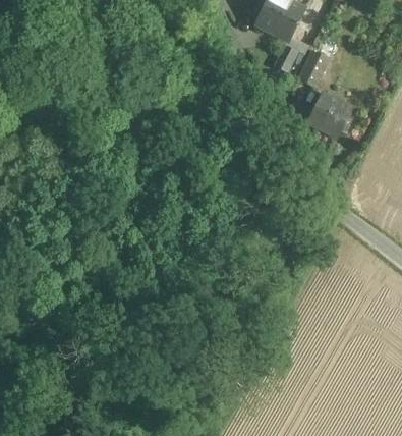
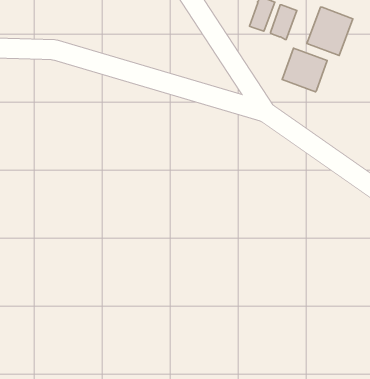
building: none -> [307,7,353,56]

